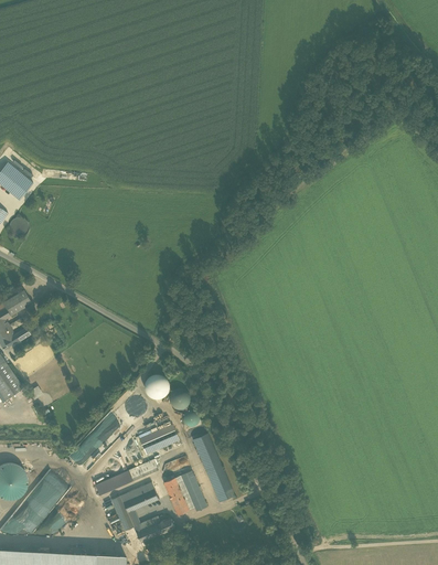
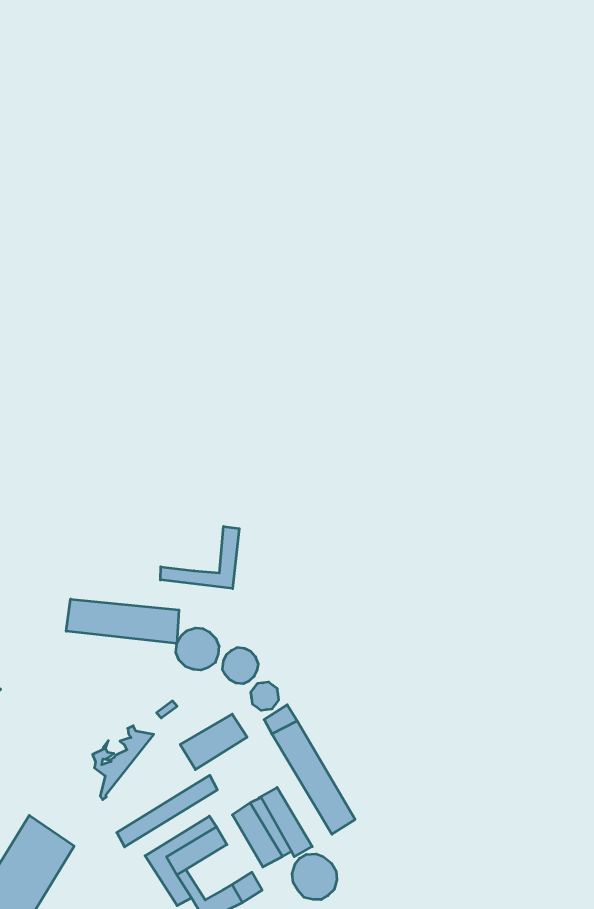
building: none -> [160,526,239,589]
building: none -> [66,599,179,643]
building: none -> [292,854,337,900]

